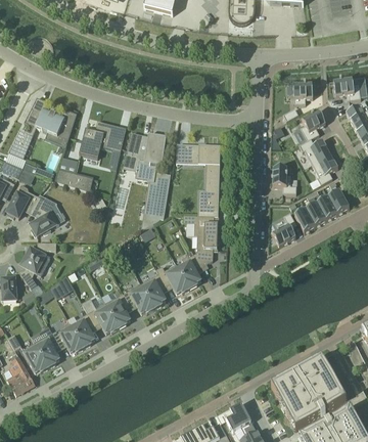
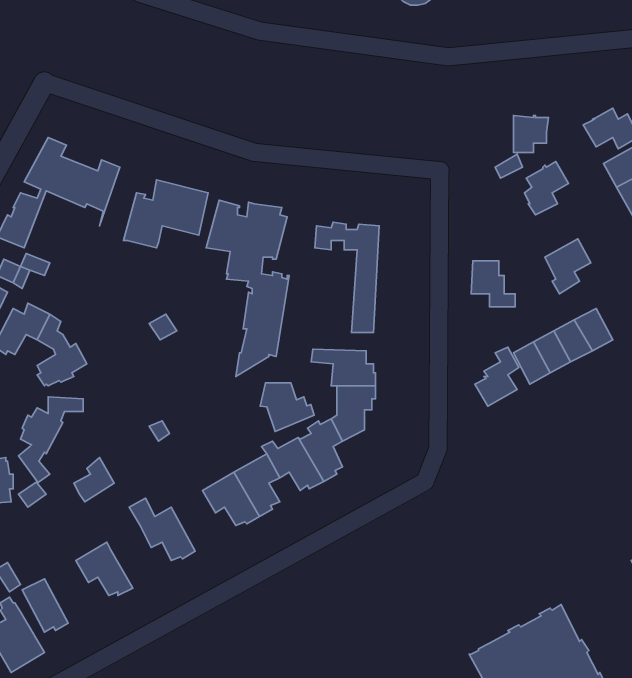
building: [300,138,331,163] -> none
building: [55,168,93,190] -> none
building: none -> [260,383,314,432]
building: [105,293,130,326] -> none
building: [72,312,95,347] -> none
building: [35,332,59,366] -> none

